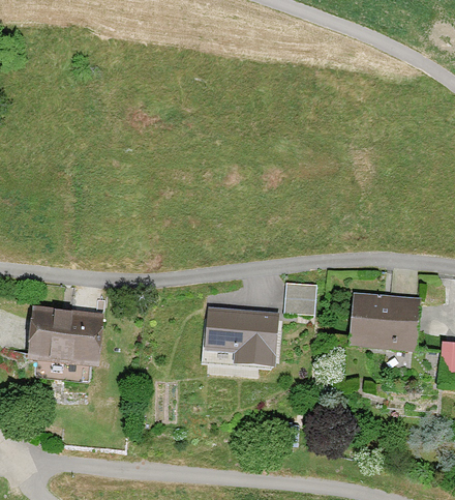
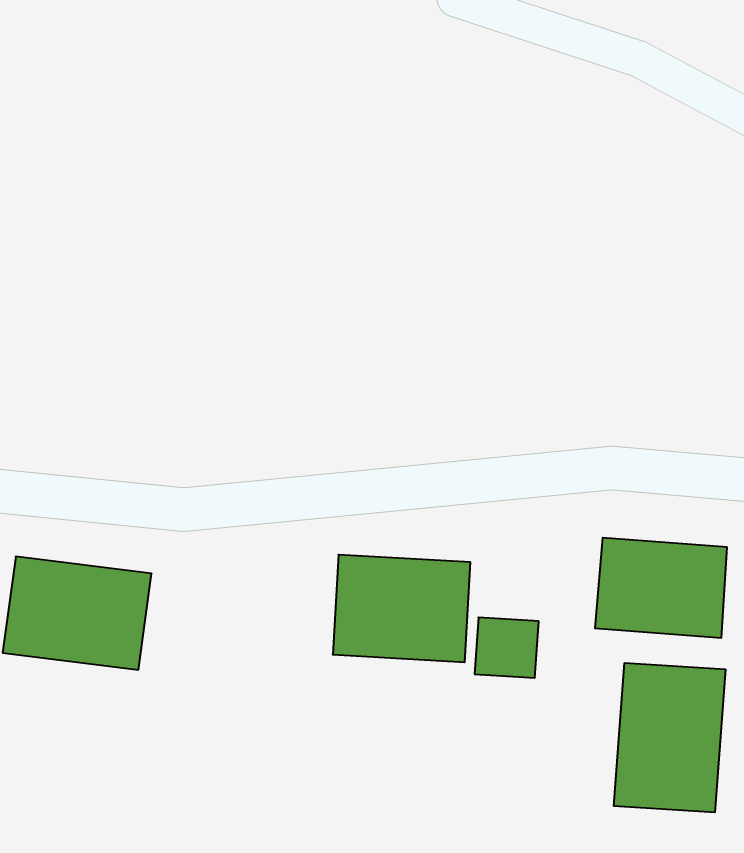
building: [284,280,320,313] -> [475,617,539,678]
building: none -> [614,663,725,812]

